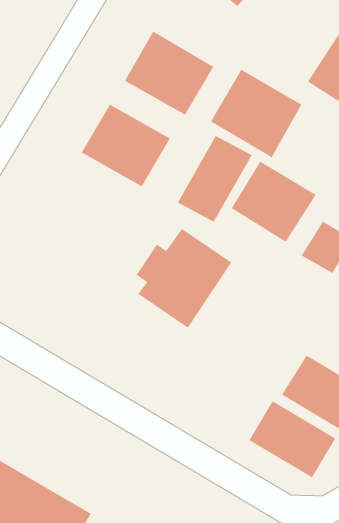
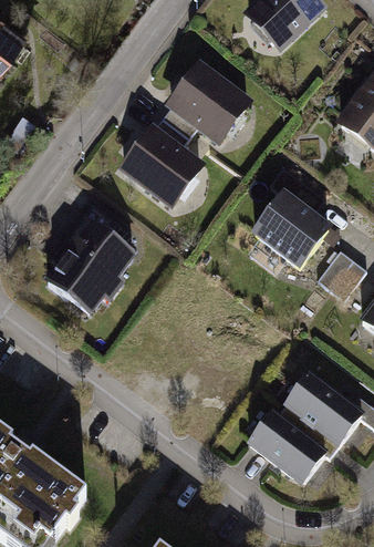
building: [210,69,302,158] -> none
building: [177,135,252,222] -> none
building: [136,228,232,328] -> [48,219,137,312]

